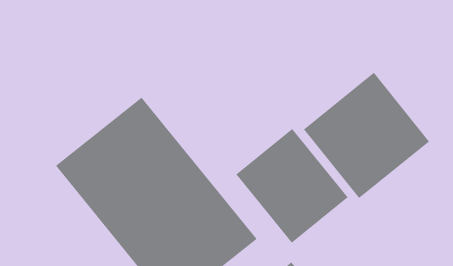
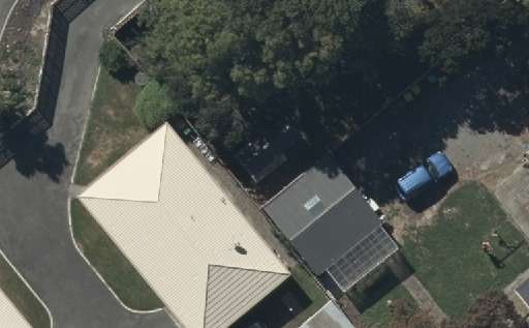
building: [303,72,430,199] -> none

